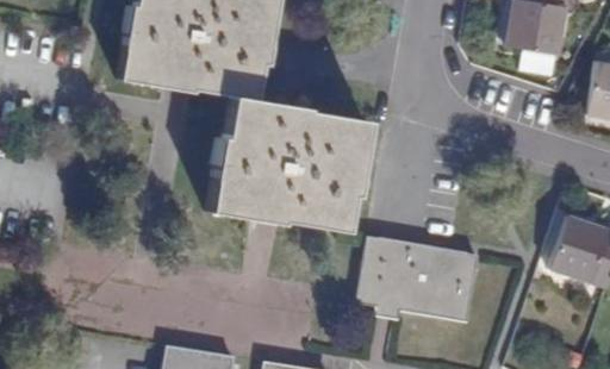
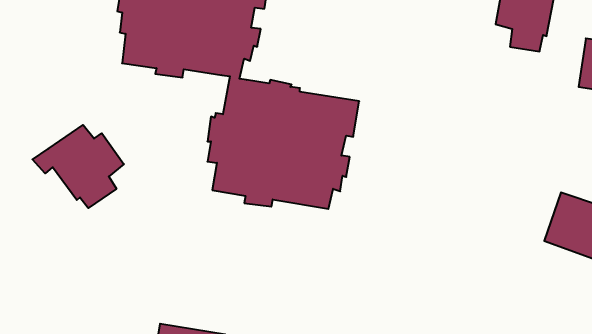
building: none -> [32,125,124,208]
building: [357,231,477,319] -> none

